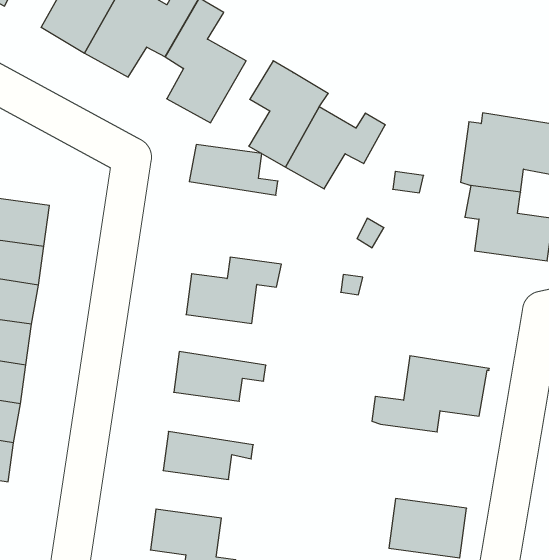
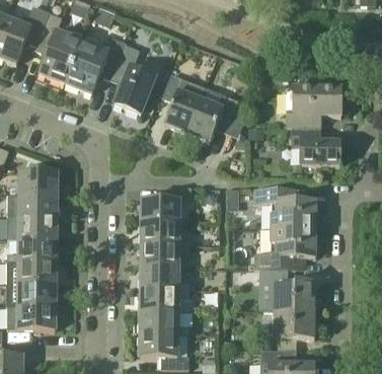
building: [189,145,278,195] -> [141,221,190,243]
building: none -> [254,186,316,228]
building: none -> [141,266,189,289]
building: none -> [259,268,314,308]
building: none -> [140,310,189,332]

